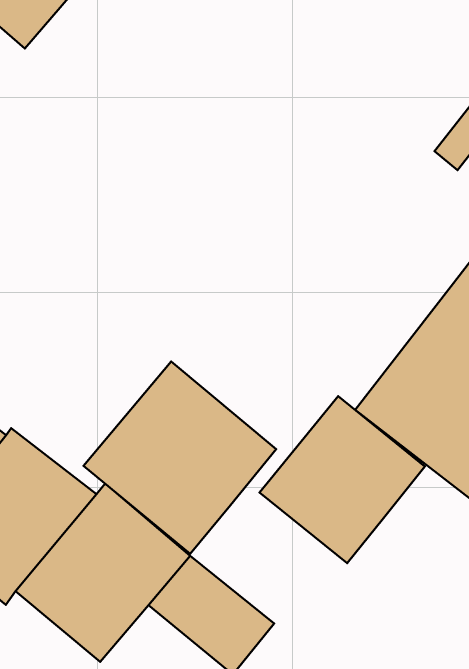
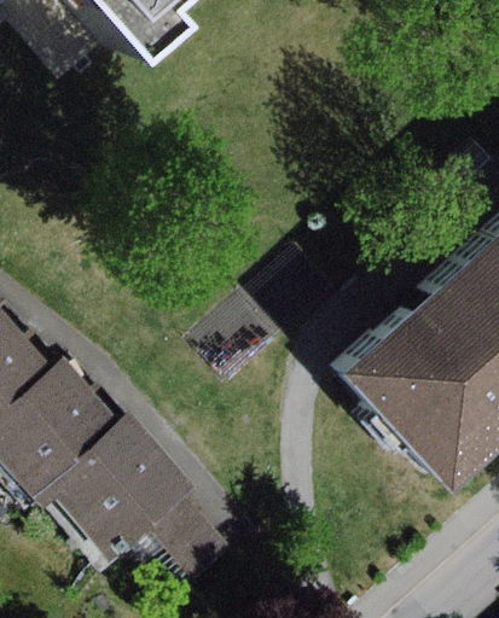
building: [84,361,276,554] -> none
building: [259,396,425,563] -> none

